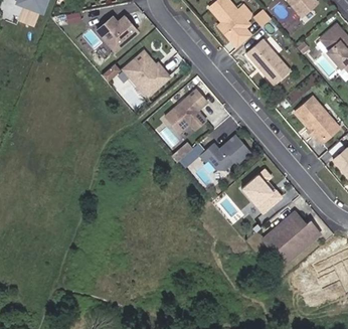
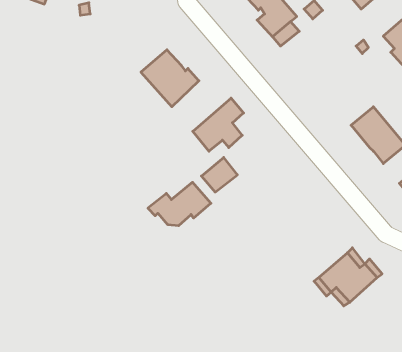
building: [96,15,136,49] -> none
building: [246,38,290,84] -> none
building: [199,134,250,169] -> [148,182,211,226]
building: [244,171,285,215] -> none

